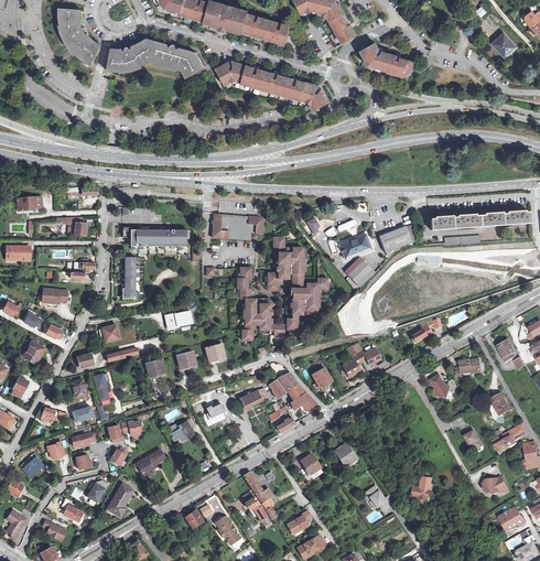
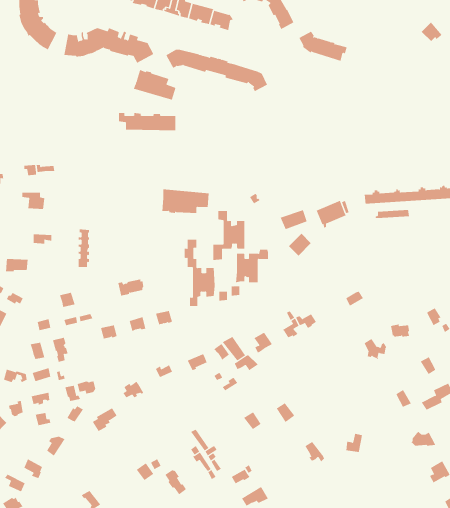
building: none -> [133,69,176,100]
building: [122,227,185,247] -> [118,112,176,131]
building: [105,484,133,519] -> none

